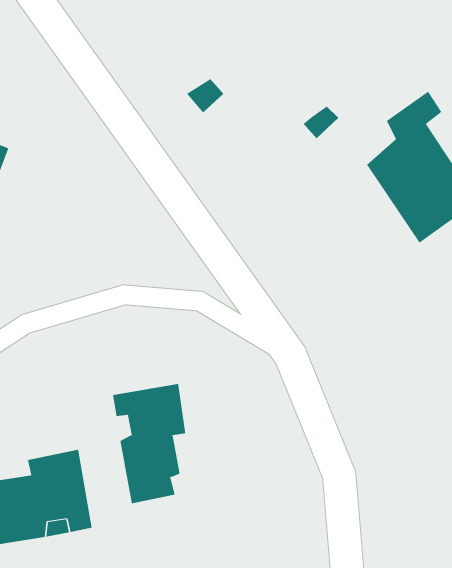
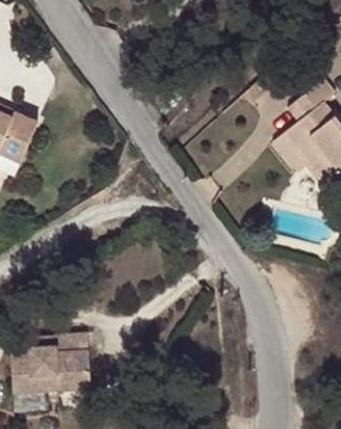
building: [113,383,186,504] -> none

